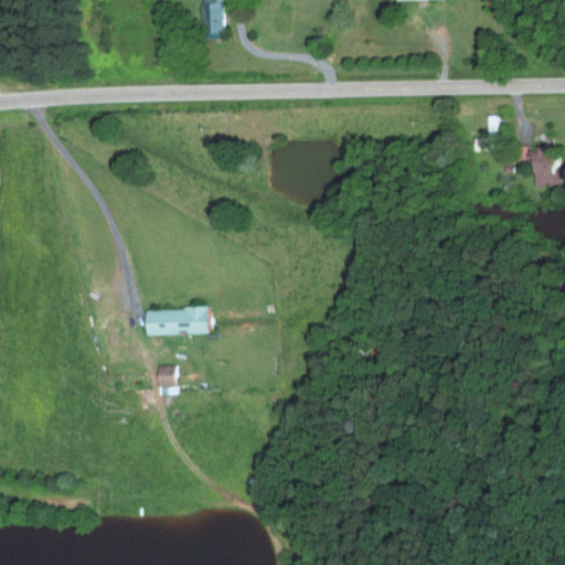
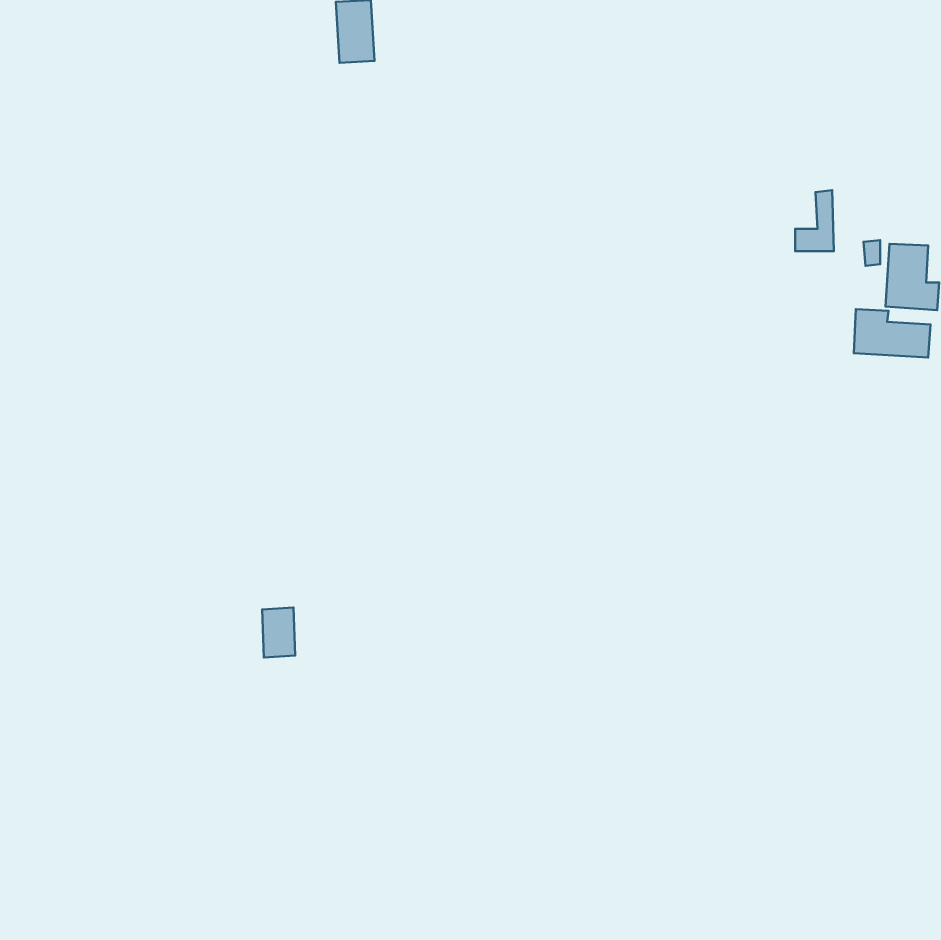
building: none -> [854,309,931,358]
building: [145,308,206,335] -> none

